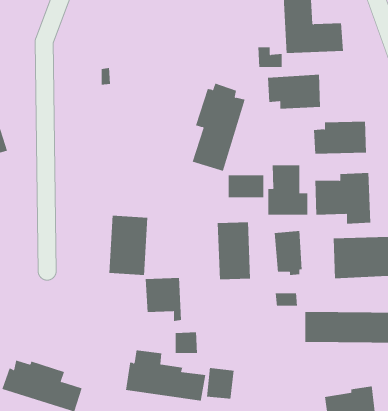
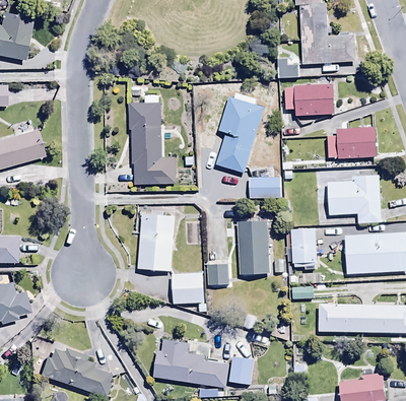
building: none -> [129,94,176,184]
building: [268,165,308,216] -> none
building: [175,332,198,354] -> [208,264,229,284]

